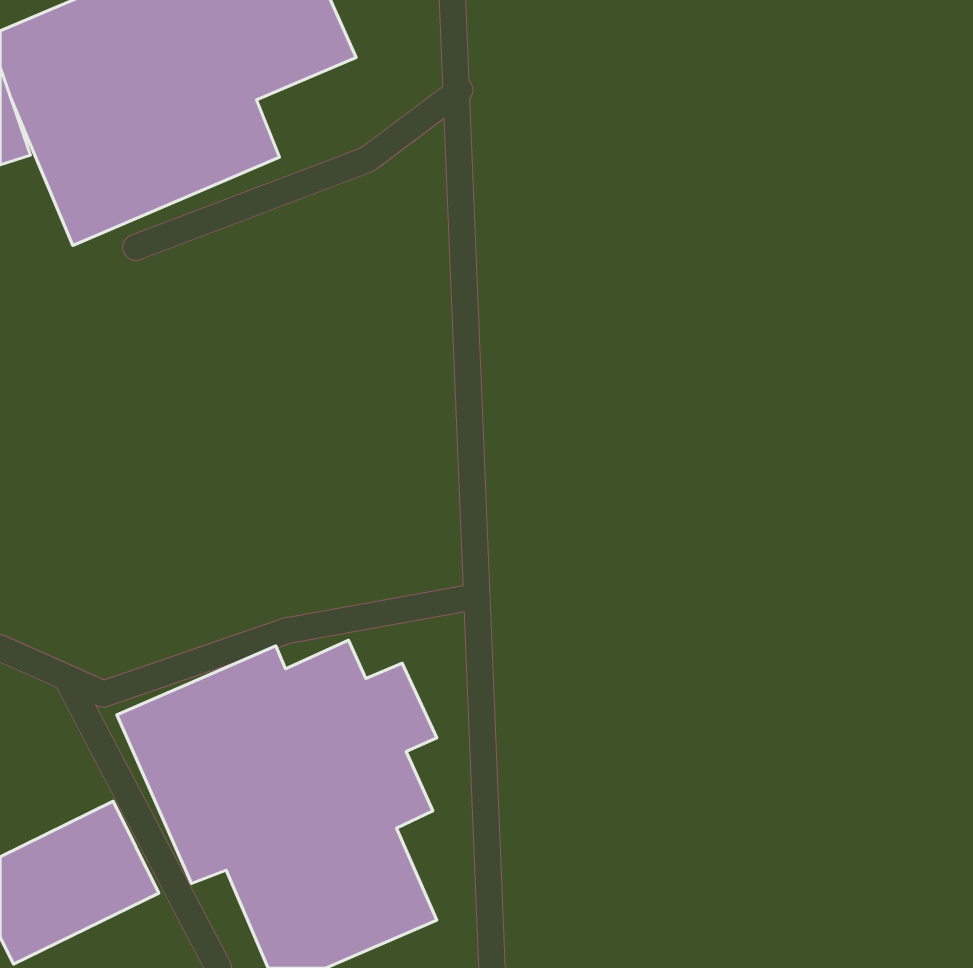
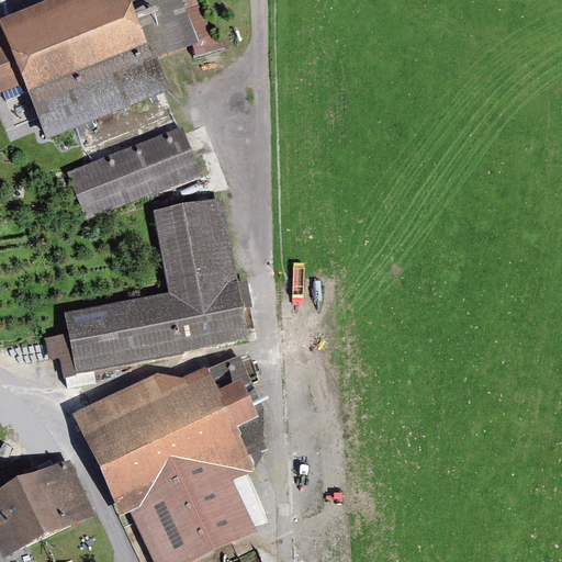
building: none -> [68,125,204,216]
building: none -> [53,199,251,373]

